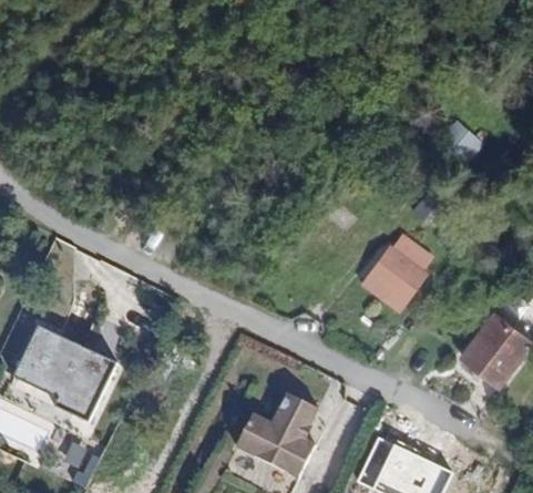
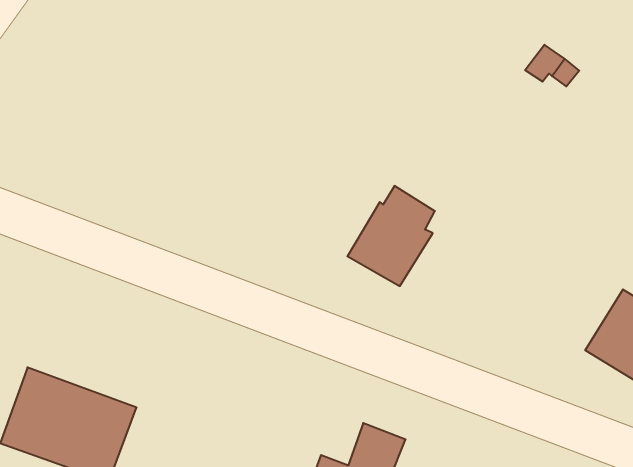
building: [360,230,430,307] -> [347,186,435,286]

